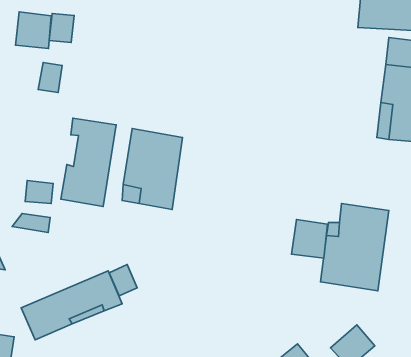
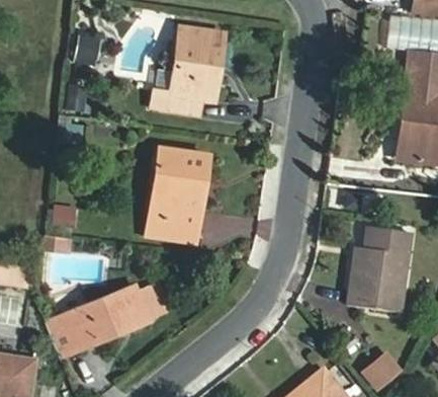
building: none -> [154,28,226,114]
building: [15,12,51,48] -> none
building: [61,118,116,206] -> none
building: [292,220,327,258] -> none

